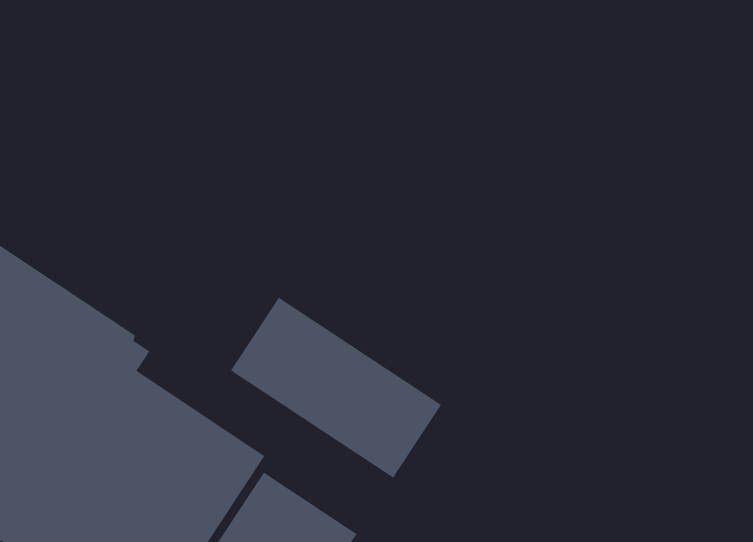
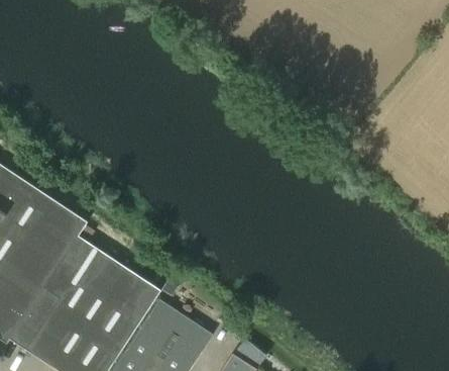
building: [230,297,442,478] -> none

